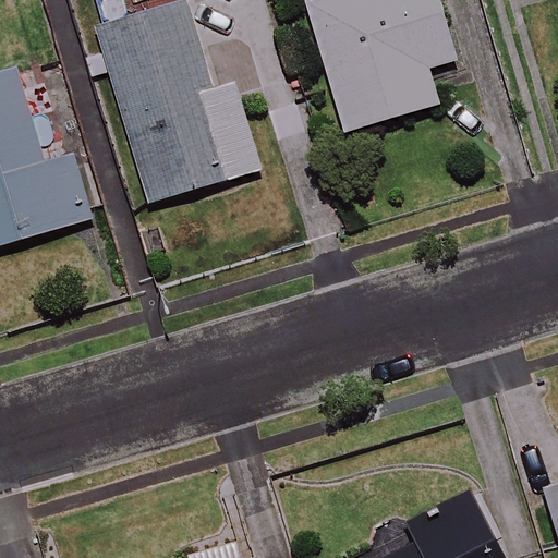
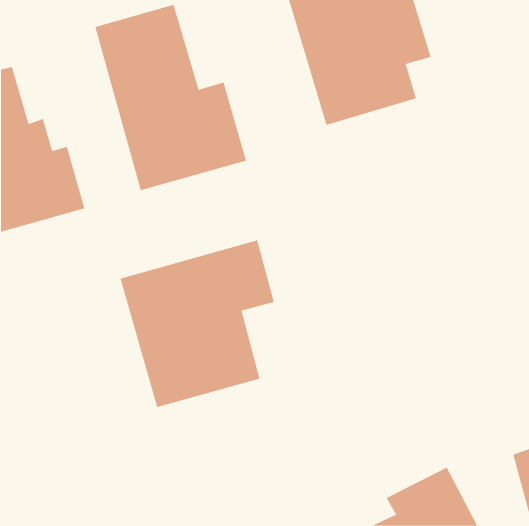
building: none -> [120,240,274,408]

